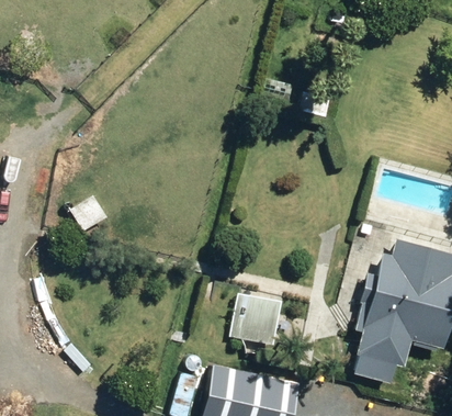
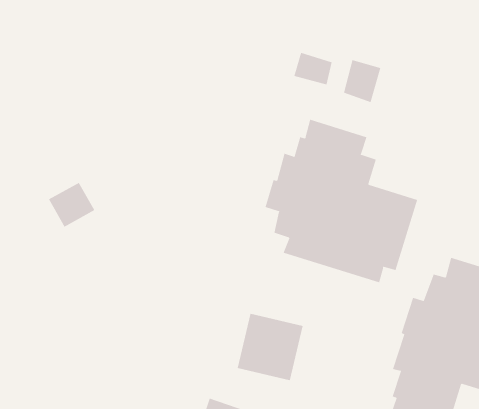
building: none -> [265,119,418,283]

